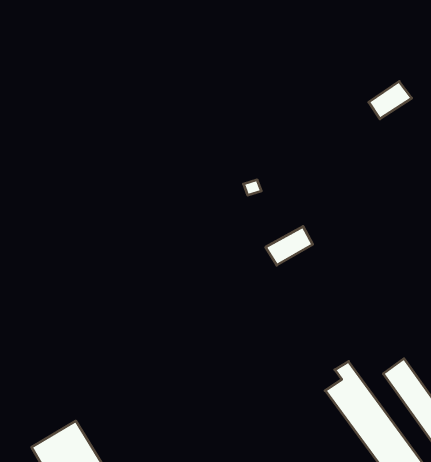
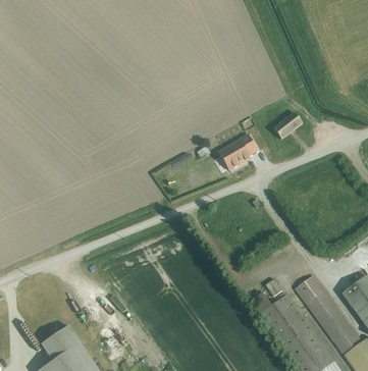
building: [369,81,412,119] -> [272,108,304,136]
building: [266,226,313,265] -> [223,134,258,162]

